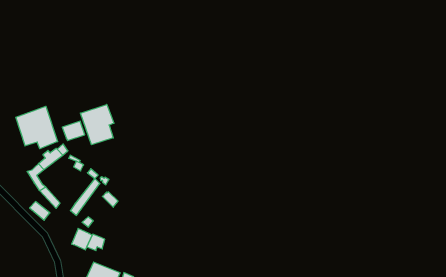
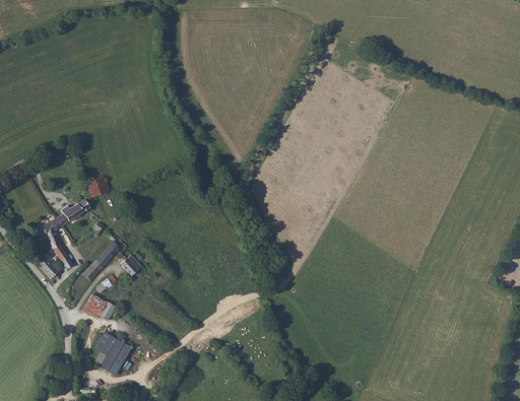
building: [80,104,114,145] -> none
building: [16,106,58,149] -> none

